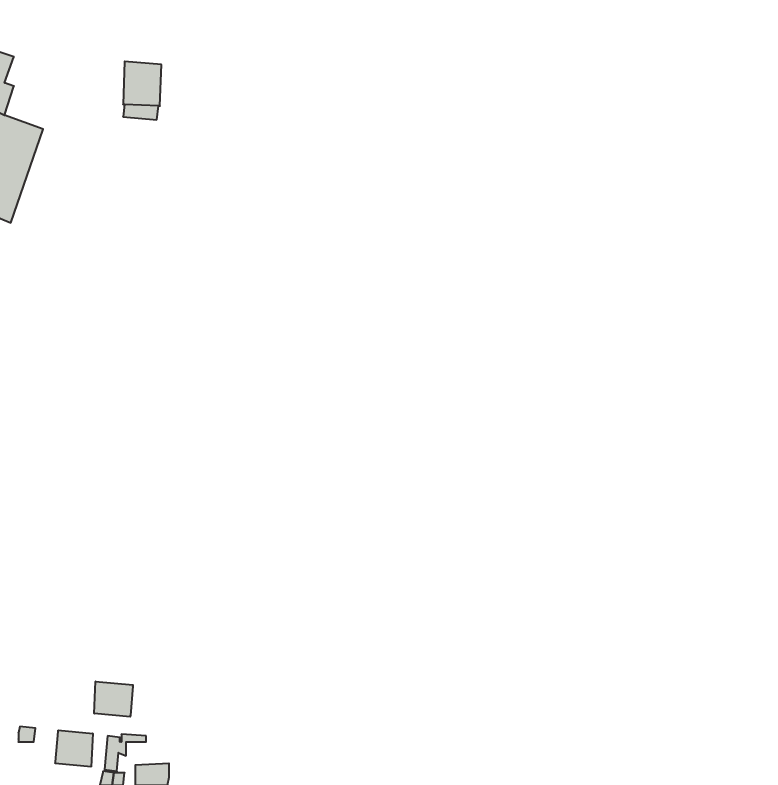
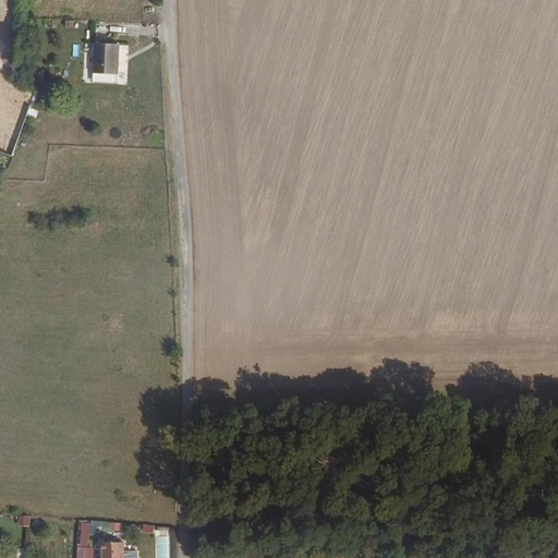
building: [94,681,133,717] -> none
building: [55,730,93,767] -> none

